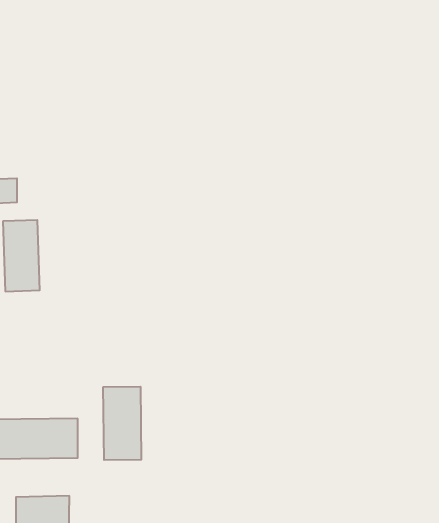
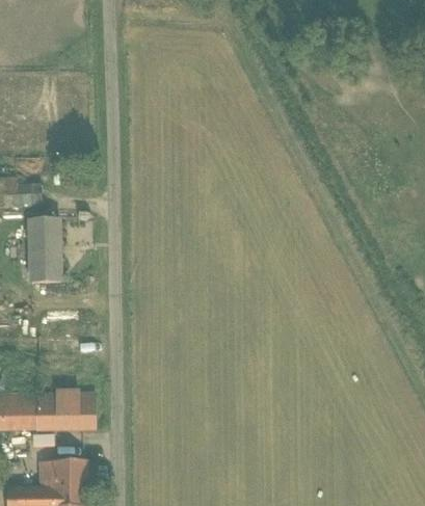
building: [103,387,141,460] -> none

